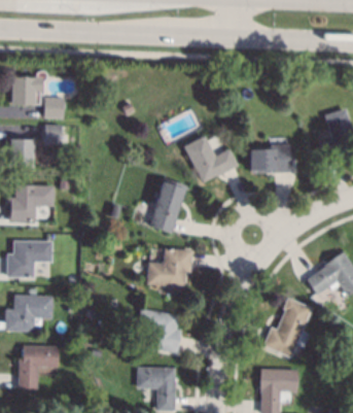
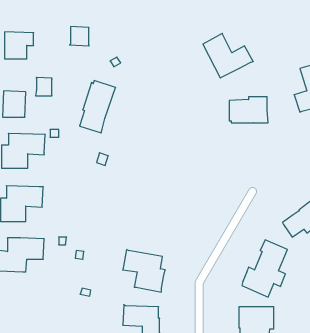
building: [43,98,64,118] -> [70,27,89,46]
building: [184,135,238,182] -> [203,33,253,78]
building: [149,178,187,234] -> [80,81,116,133]
building: [147,248,191,287] -> none
building: [19,345,60,389] -> none

